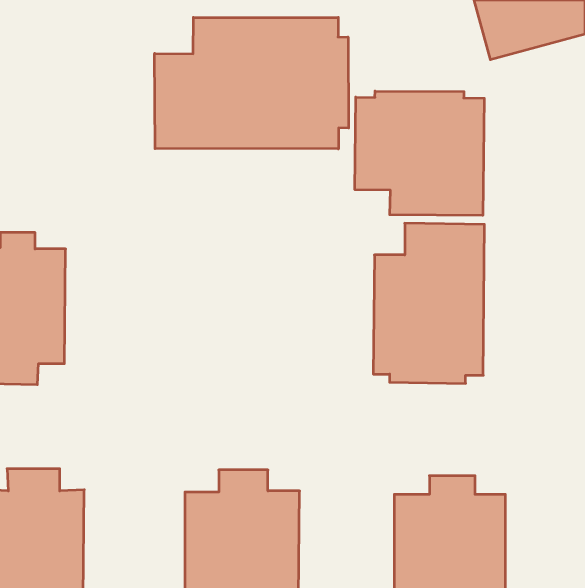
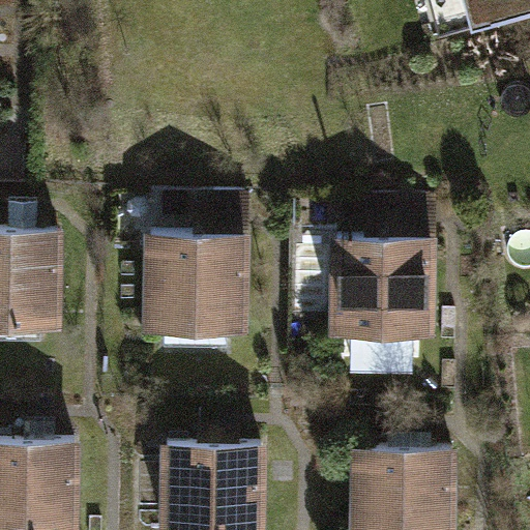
building: [155,17,349,149] -> none
building: [355,91,484,215] -> none
building: none -> [140,203,246,354]

